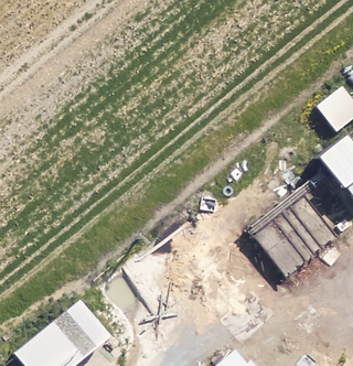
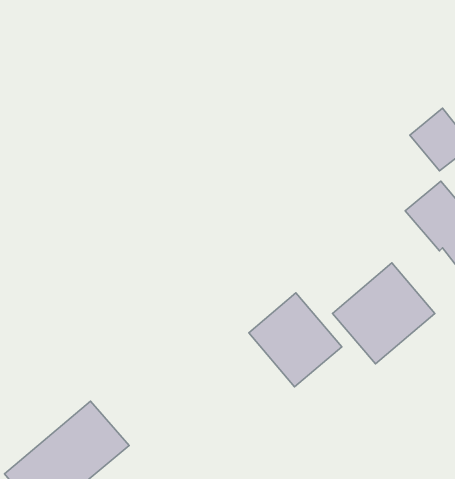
building: none -> [249,293,342,387]

